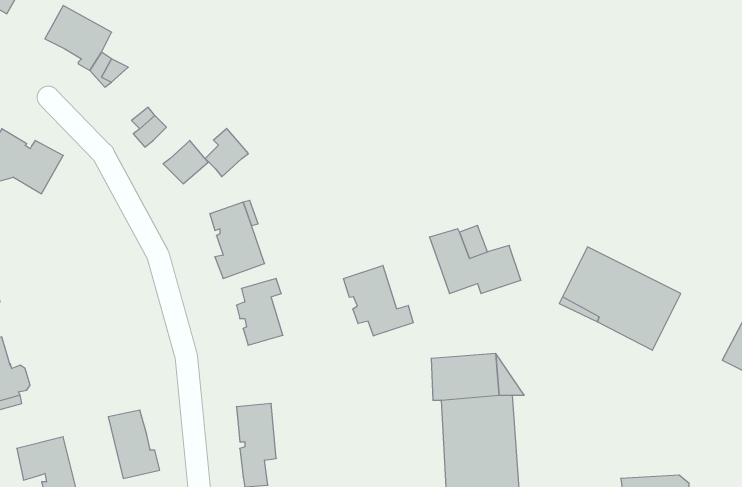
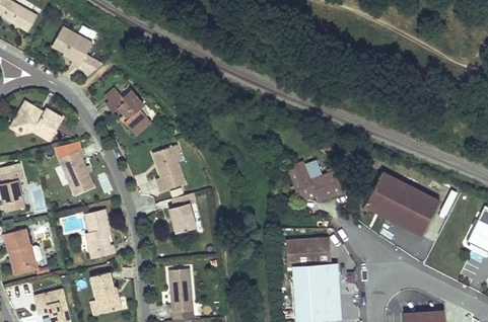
building: [205,128,248,177] -> [118,90,144,119]
building: none -> [58,149,94,195]
building: [343,265,413,336] -> none
building: none -> [84,209,116,259]

